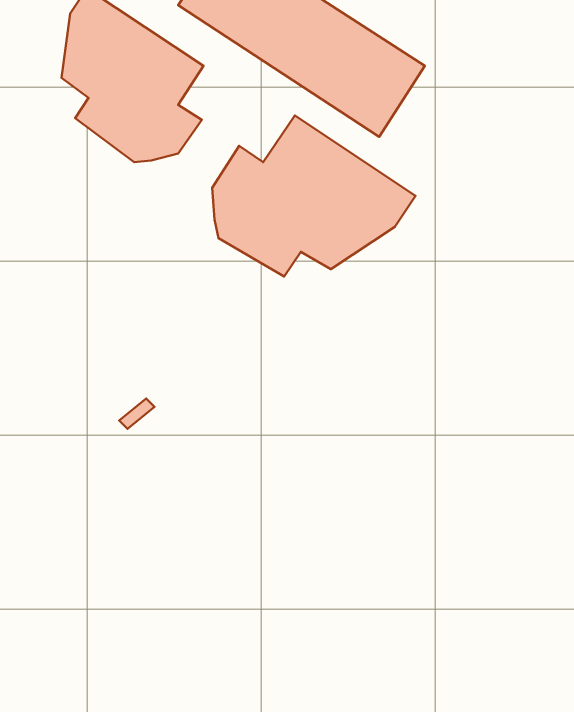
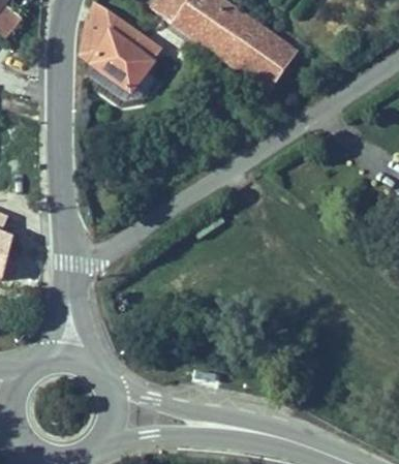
building: [212,116,415,276] -> none

